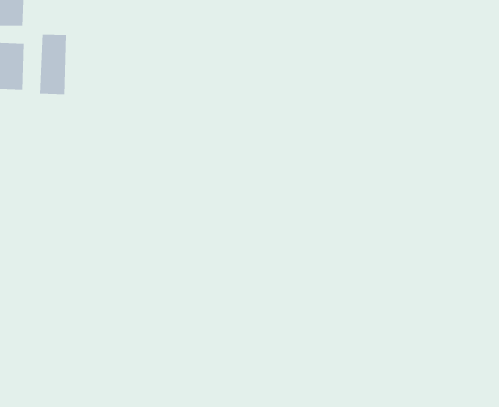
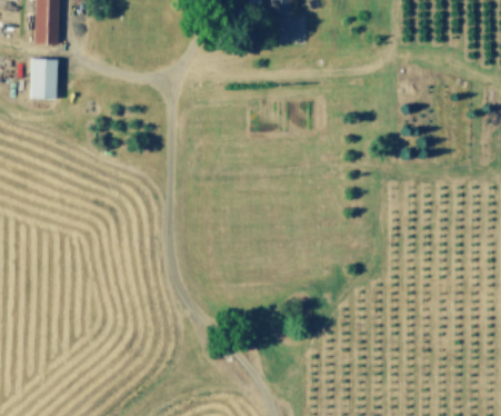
building: [40,34,67,95] -> none

